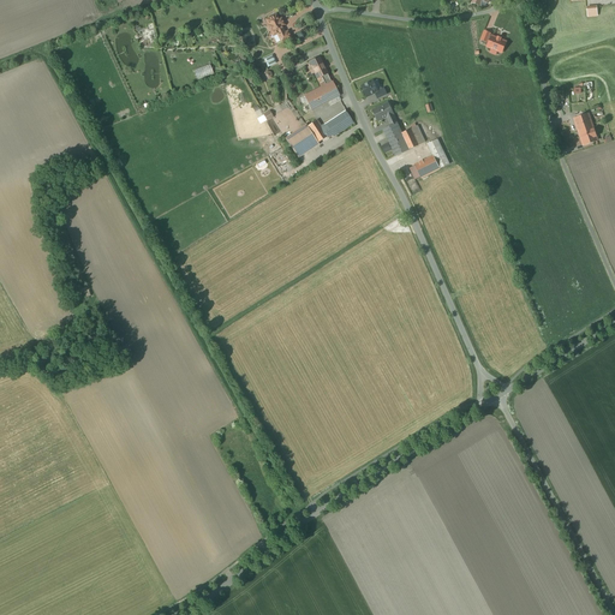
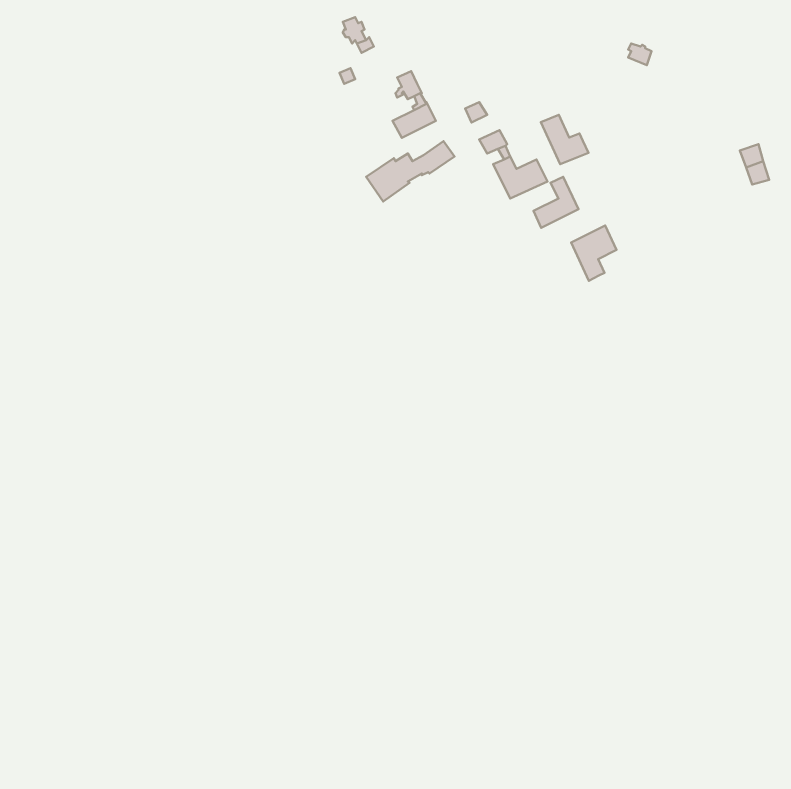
building: none -> [541,115,589,164]
building: none -> [571,225,617,281]

